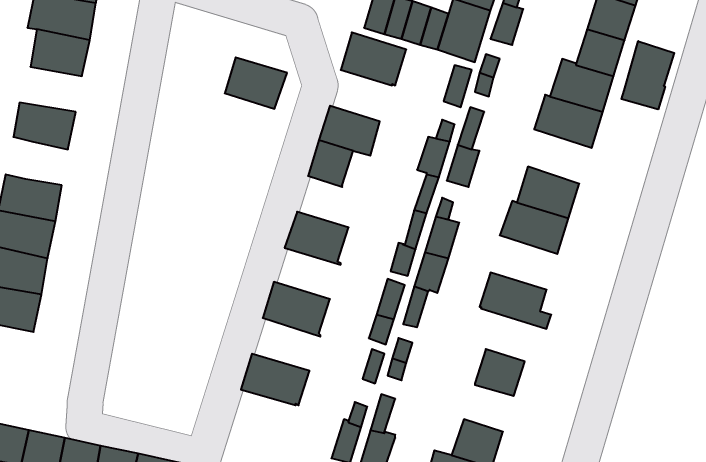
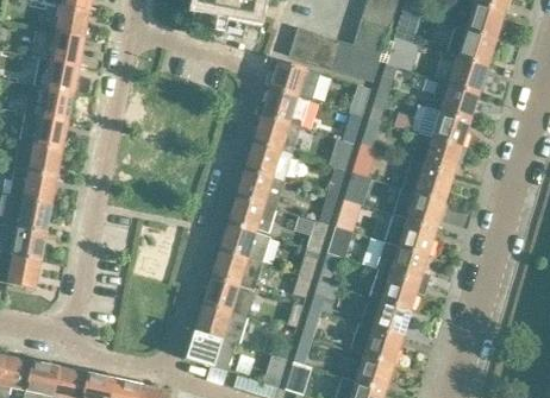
building: [621,41,674,109] -> none
building: [225,57,287,109] -> [262,88,310,127]
building: none -> [25,84,73,120]
building: none -> [410,133,462,175]
building: none -> [30,143,62,176]
building: none -> [237,169,285,208]
building: none -> [383,214,436,255]
building: none -> [219,223,270,263]
building: none -> [369,270,427,310]
building: none -> [202,277,255,317]
building: none -> [349,322,402,364]
building: none -> [186,331,236,371]

